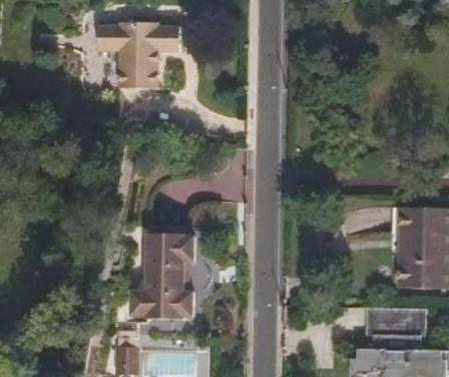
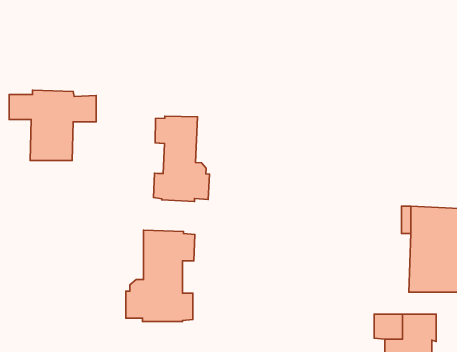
building: [99,19,182,86] -> [9,90,96,160]
building: none -> [153,116,209,202]

